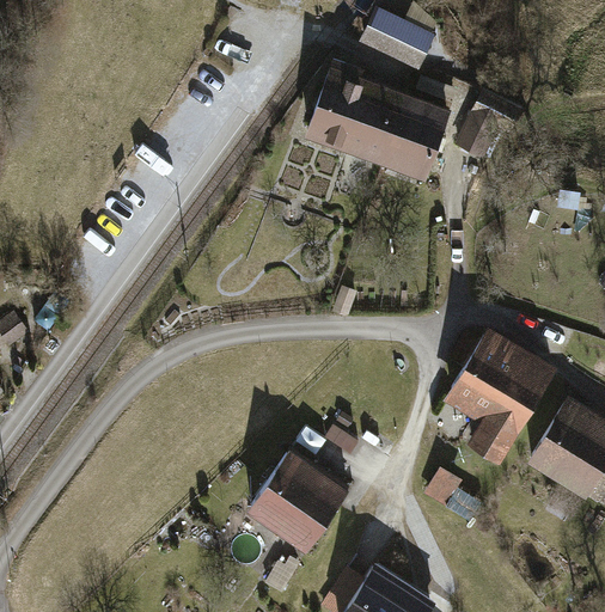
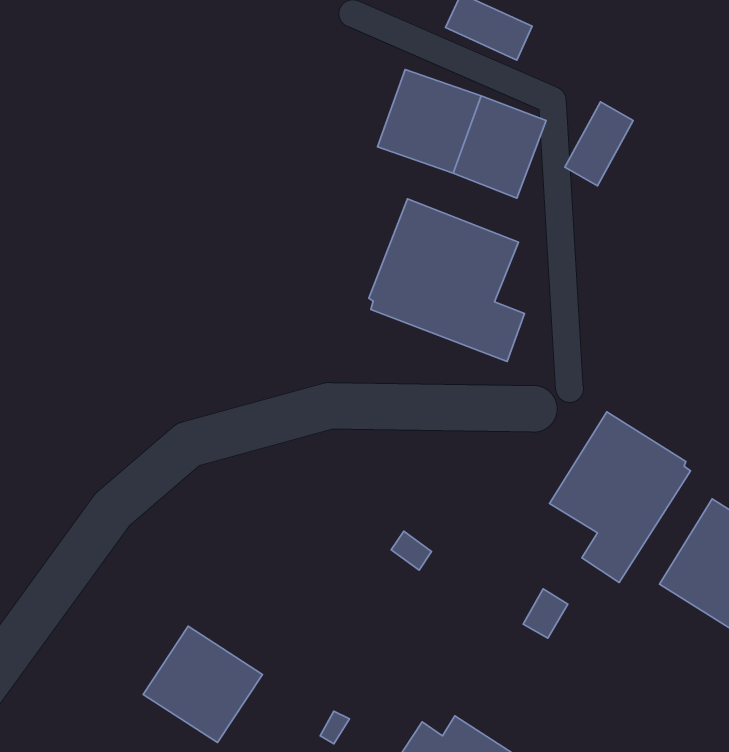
building: none -> [369,199,524,362]
building: [252,453,344,543] -> [143,626,262,743]

